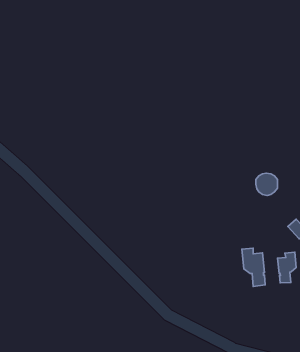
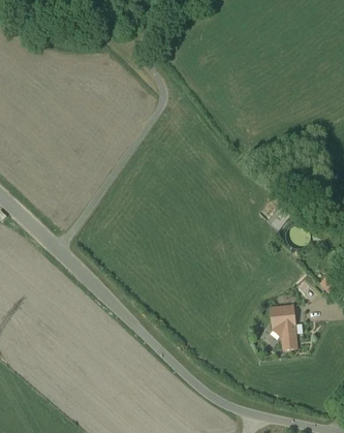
building: [278,252,296,283] -> none

